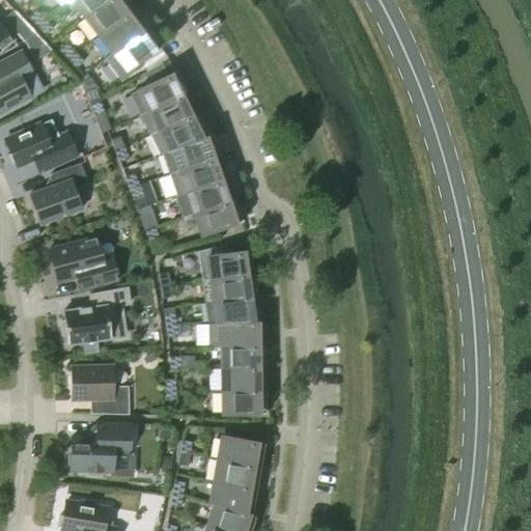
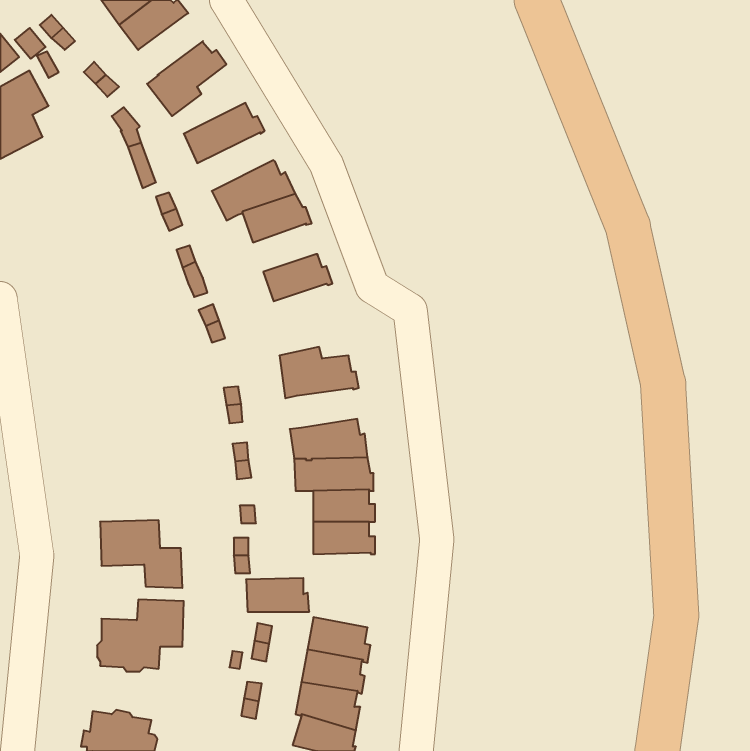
building: [99,11,147,53] -> none
building: [140,93,198,135] -> none
building: [6,124,77,170] -> none
building: [170,158,228,195] -> none
building: [29,164,88,224] -> none
building: [194,200,243,235] -> none
building: [50,237,119,291] -> none
building: [202,274,257,303] -> none
building: [61,288,130,344] -> none
building: [222,390,267,414] -> [246,578,309,612]

